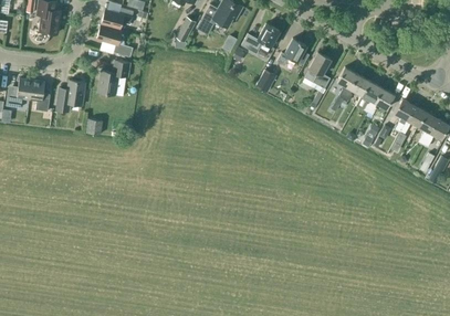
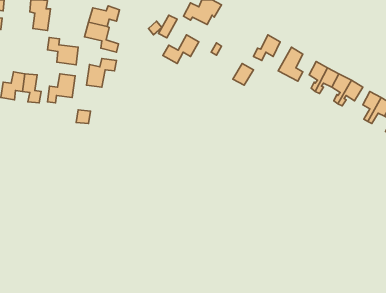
building: [241,22,280,53] -> [163,35,199,64]
building: none -> [48,37,78,65]

